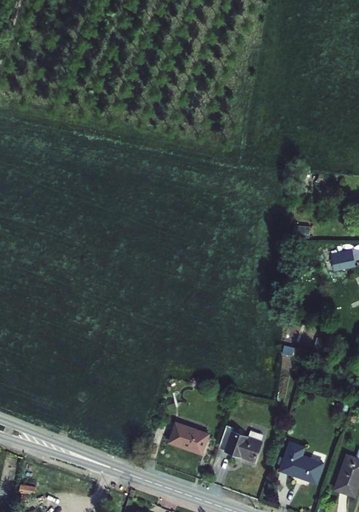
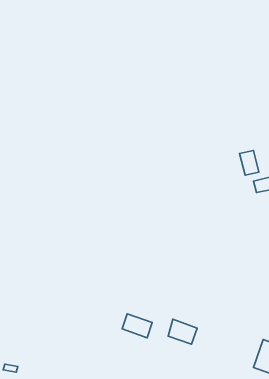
building: none -> [240,150,259,175]
building: [277,440,319,481] -> none

